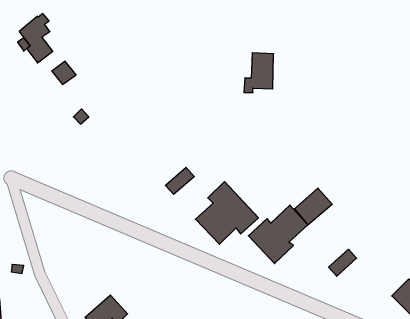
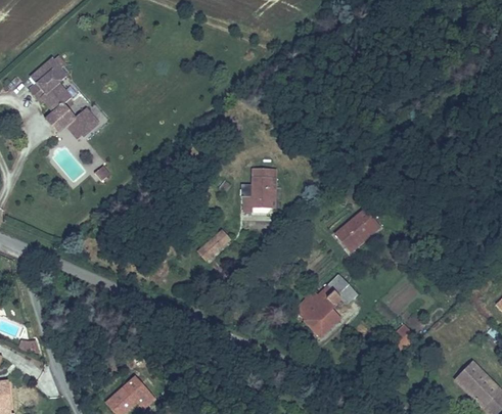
building: [244,53,274,93] -> [243,168,277,213]
building: none -> [44,104,72,132]
building: [195,182,258,244] -> none
building: [294,188,332,225] -> [335,210,378,251]

